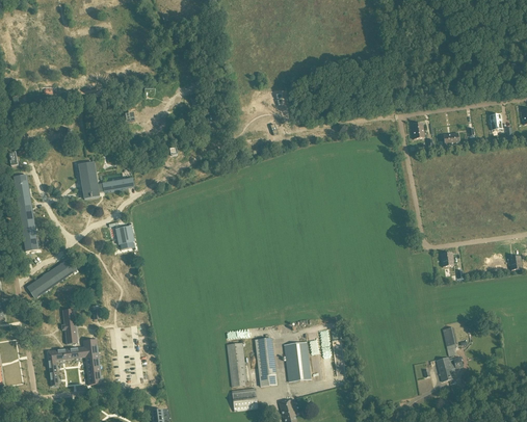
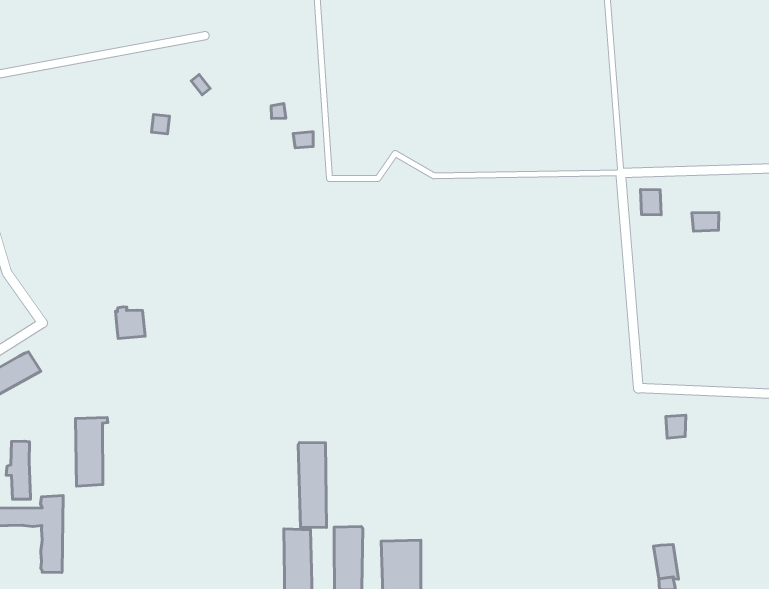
building: [79,162,132,199] -> none
building: none -> [75,418,108,486]
building: none -> [298,443,326,527]

